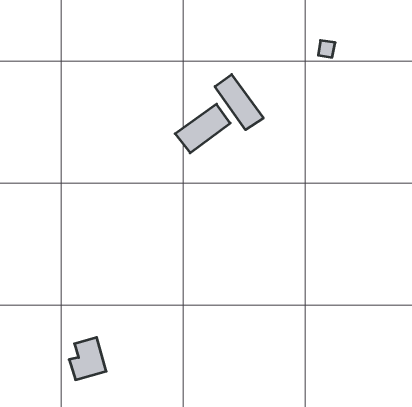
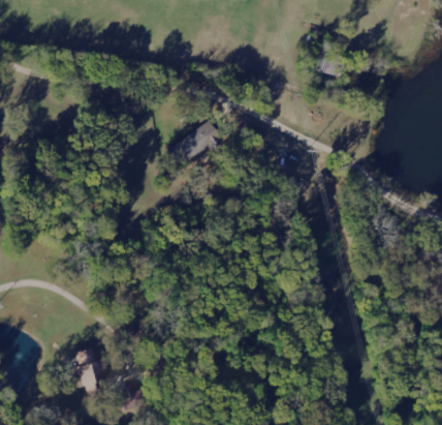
building: [215,74,263,130] -> none

